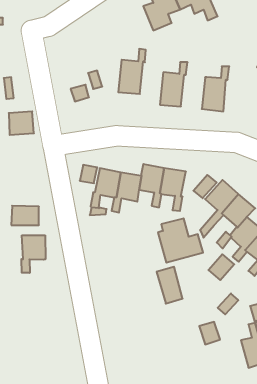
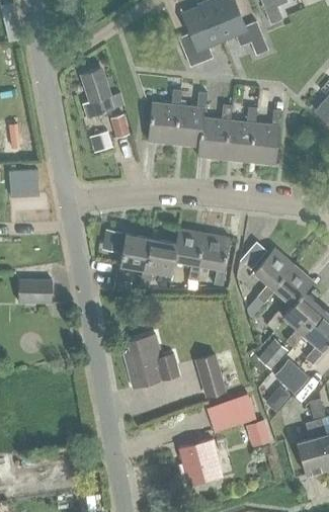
building: none -> [82,68,113,118]
building: none -> [174,92,208,157]
building: none -> [224,107,257,162]
building: [158,218,203,263] -> [124,335,178,389]
building: [21,235,45,273] -> none
building: none -> [273,359,308,394]
building: none -> [207,394,256,433]
building: none -> [179,439,223,486]

